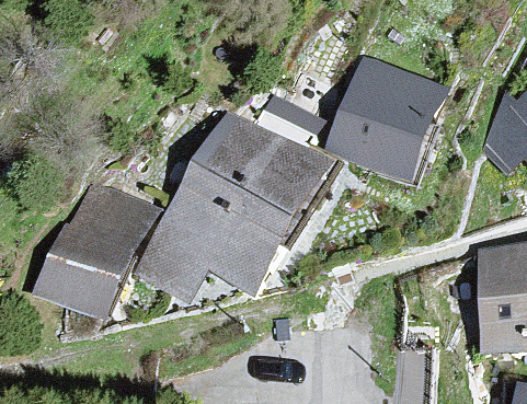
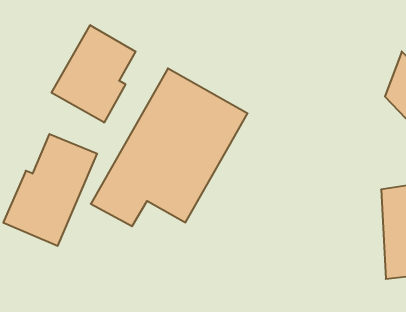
building: none -> [52,25,136,123]
building: [332,60,442,177] -> none

